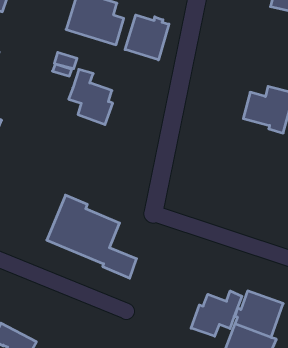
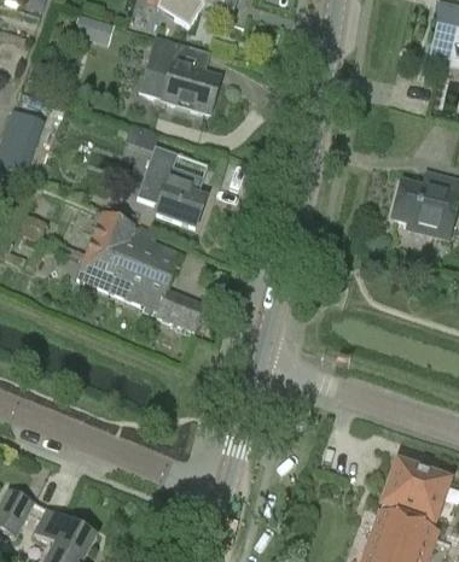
building: [125,15,169,60] -> none
building: [47,195,137,278] -> [75,212,203,330]
building: [191,291,242,336] -> none

